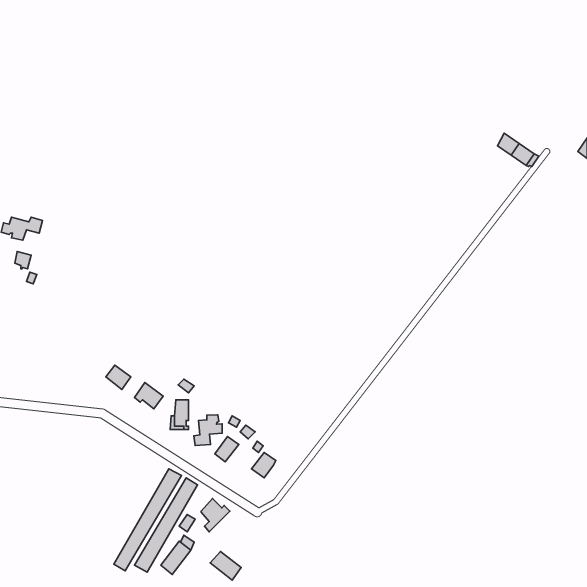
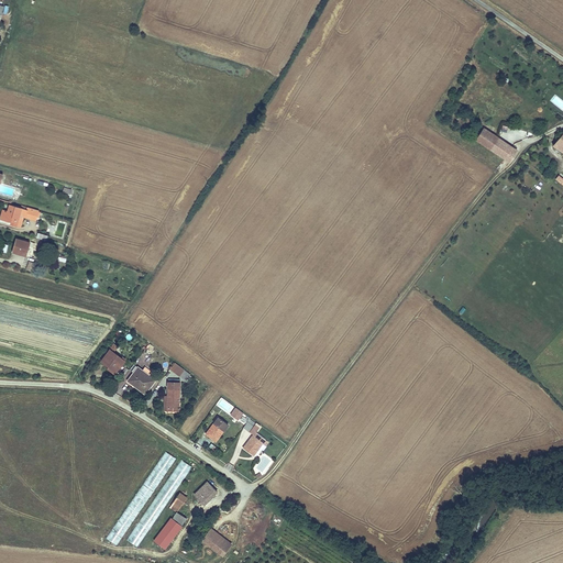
building: [194,415,222,445] -> none

